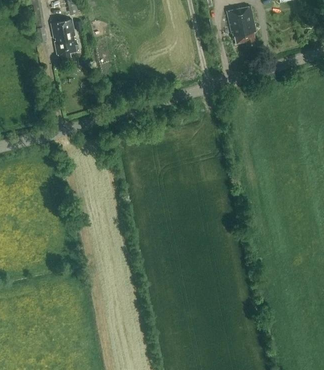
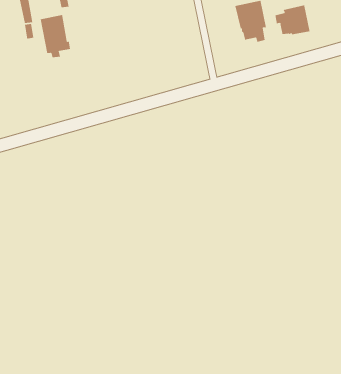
building: none -> [275,5,310,35]

